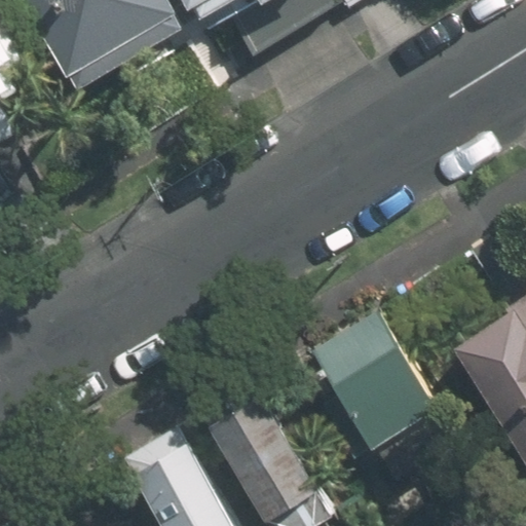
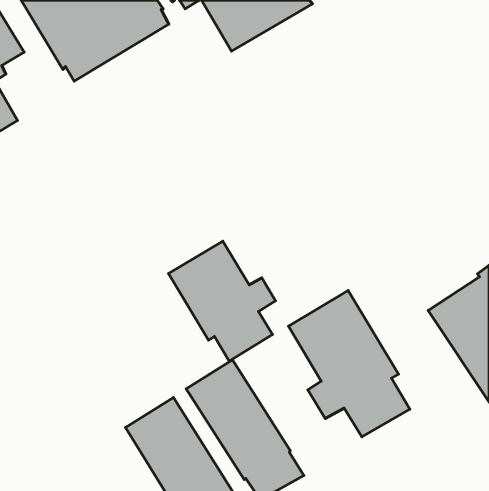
building: none -> [169,241,276,361]

